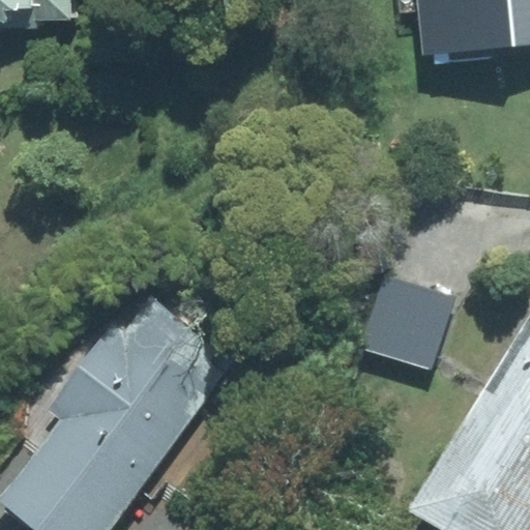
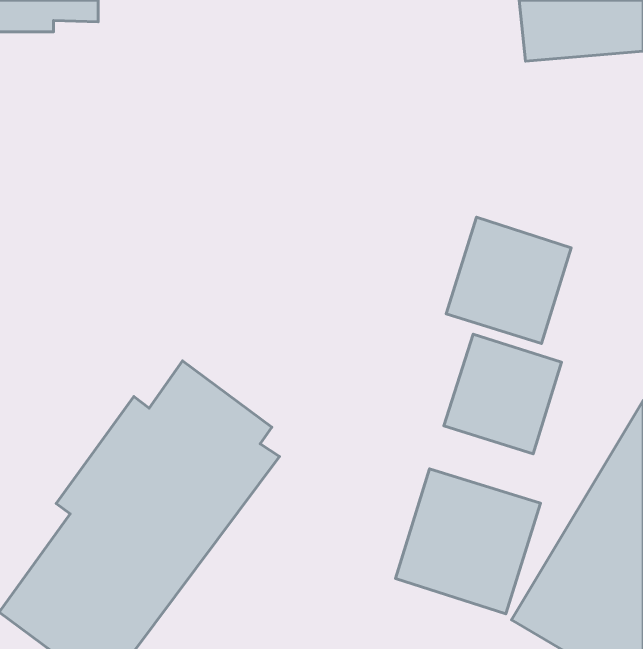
building: none -> [446,217,571,343]
building: none -> [396,469,541,614]

